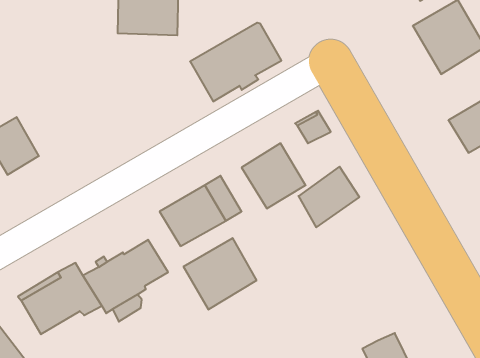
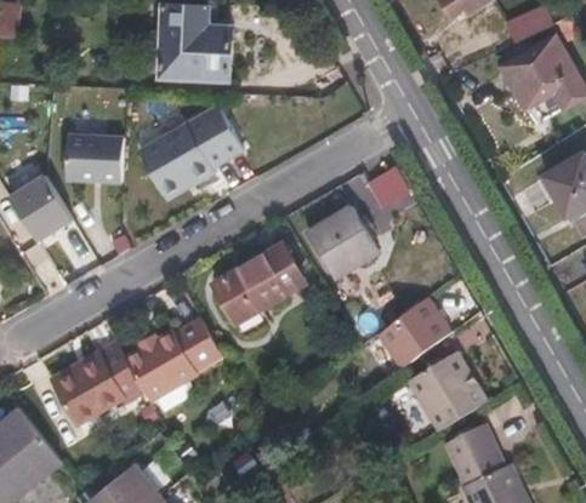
building: [190,23,281,101] -> [140,103,245,194]
building: none -> [66,133,125,183]
building: [298,167,359,227] -> [381,297,451,367]
building: [184,238,256,310] -> none
building: none -> [411,351,487,429]

